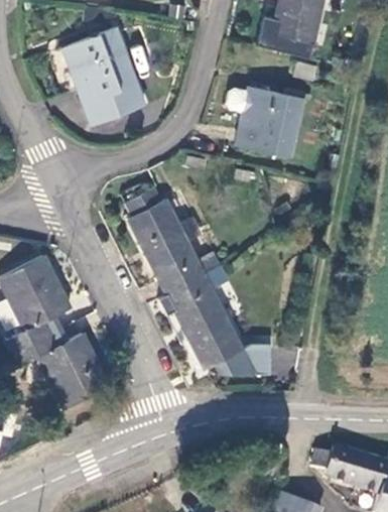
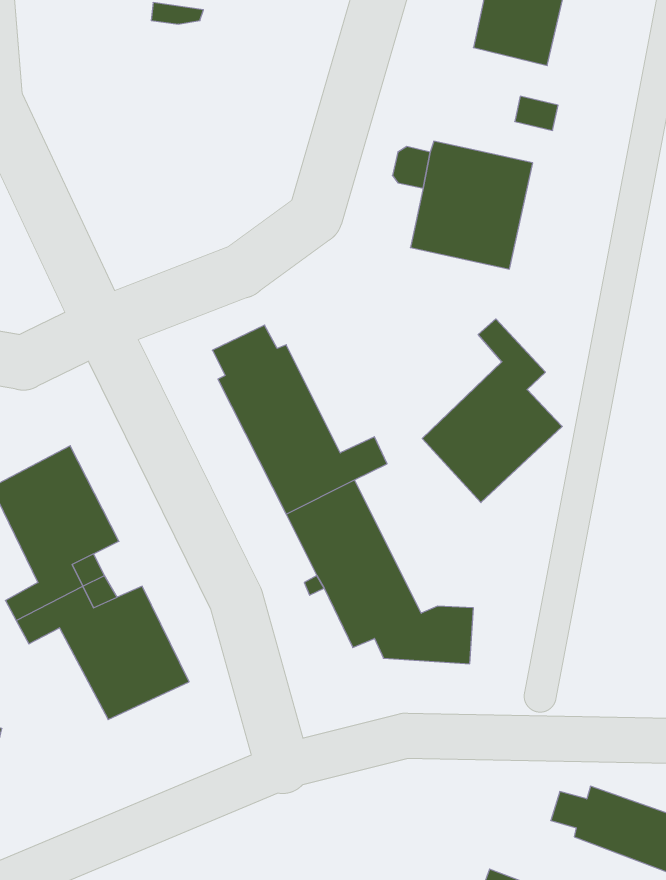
building: [61,27,143,126] -> none
building: none -> [422,319,562,503]

